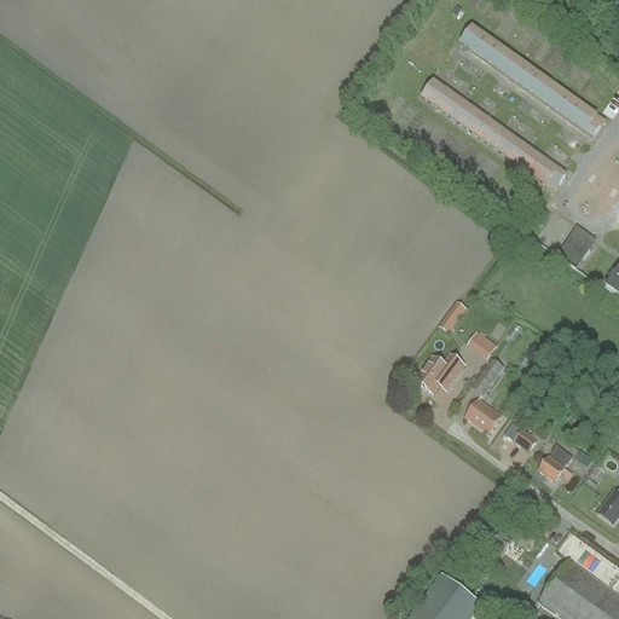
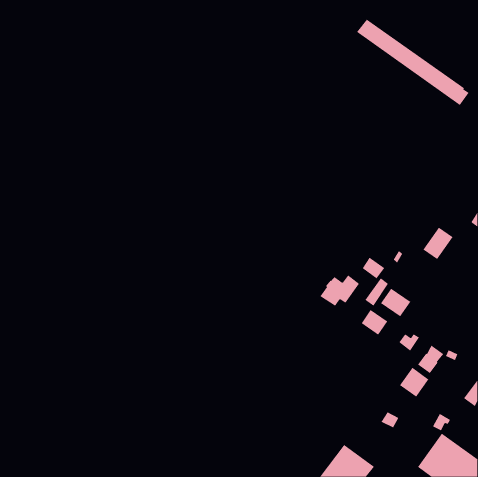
building: [421,79,568,192] -> none
building: [556,226,596,268] -> [423,227,454,260]
building: none -> [380,288,411,317]
building: none -> [399,367,429,398]

